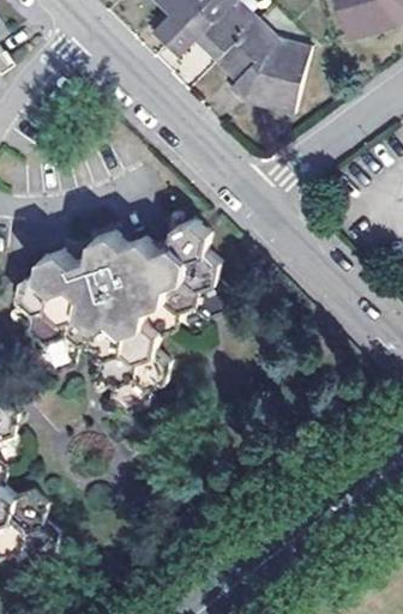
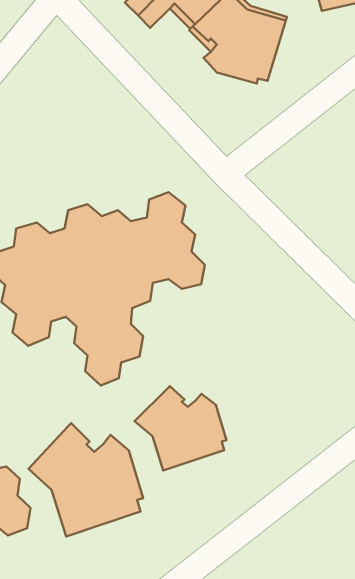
building: none -> [134,386,227,471]
building: none -> [29,423,143,536]

